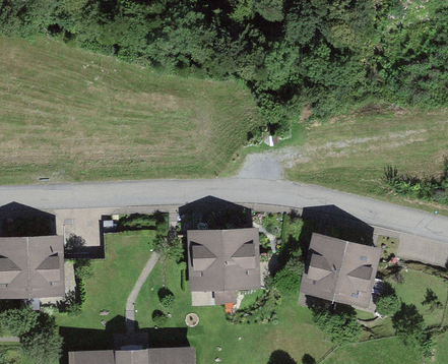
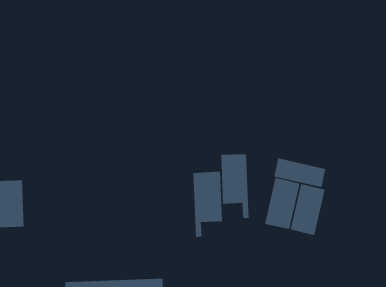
building: none -> [274,158,326,188]
building: [192,229,226,303] -> [220,154,250,218]
building: [27,236,60,291] -> none

